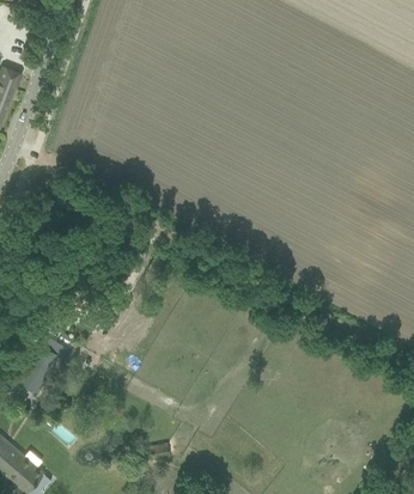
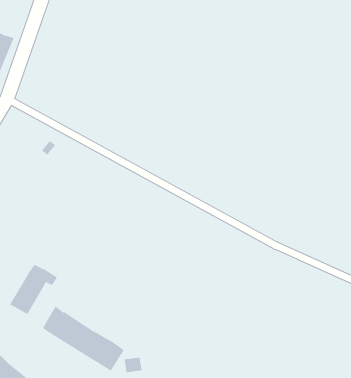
building: none -> [42,306,124,372]

